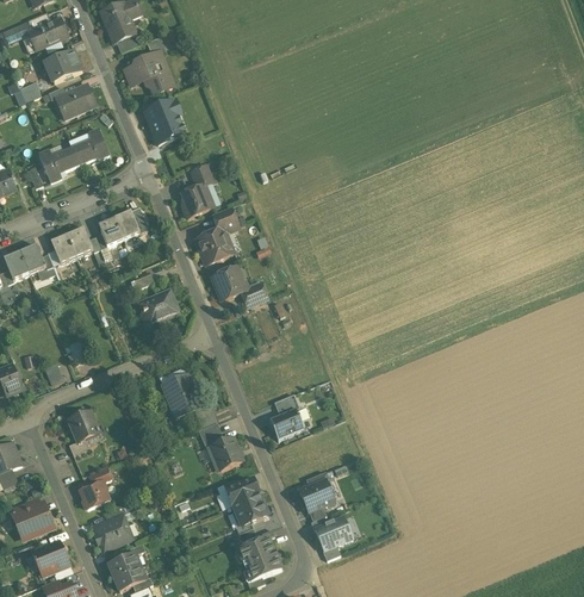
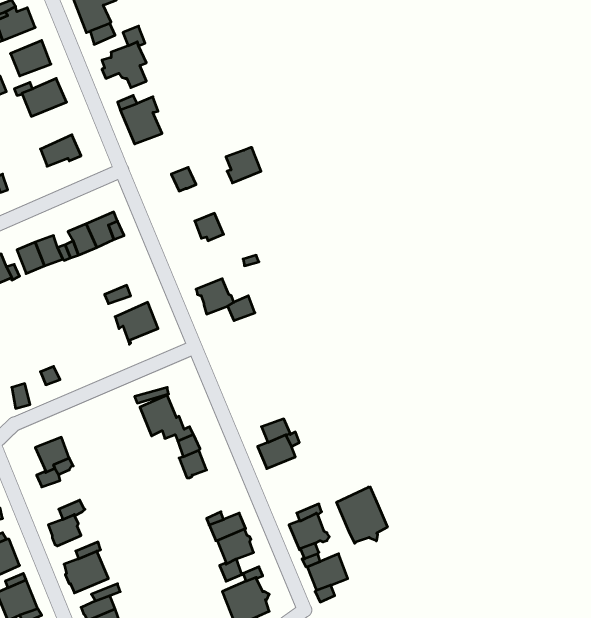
building: [43,148,77,181] -> none
building: [181,184,213,216] -> [226,148,261,183]
building: [195,228,232,263] -> none
building: [207,436,242,468] -> none
building: none -> [337,487,387,543]

